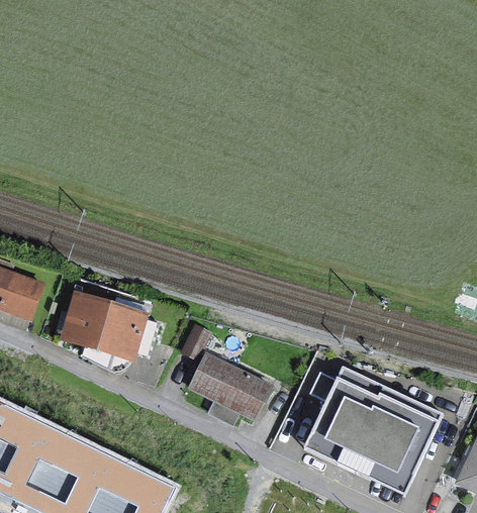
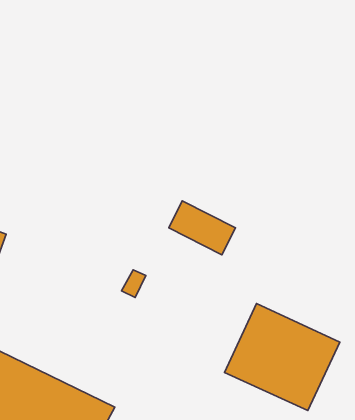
building: [60,292,153,358] -> none
building: [189,352,269,417] -> [169,201,235,255]

